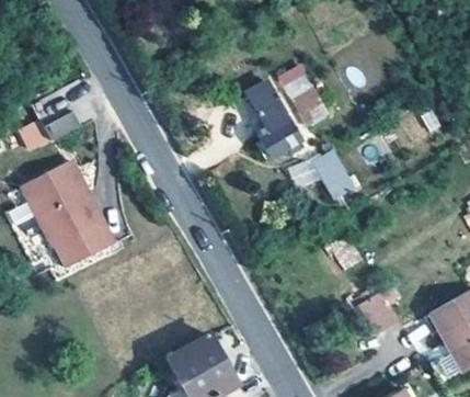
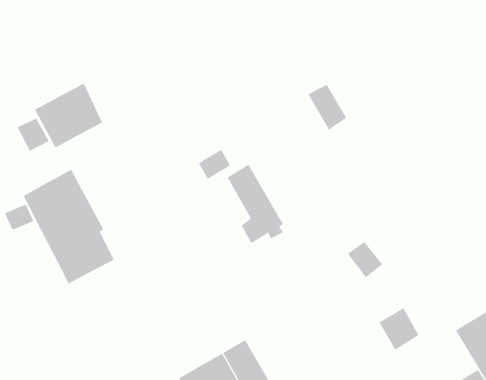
building: [248,81,301,157] -> [227,164,284,244]
building: [314,147,355,196] -> none

